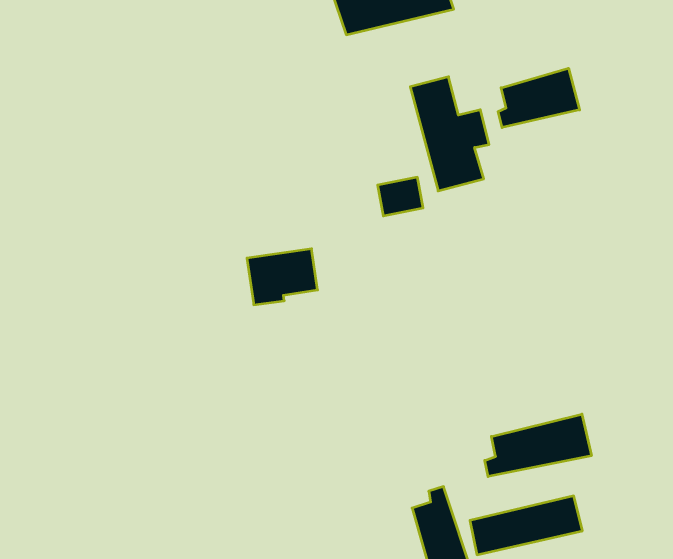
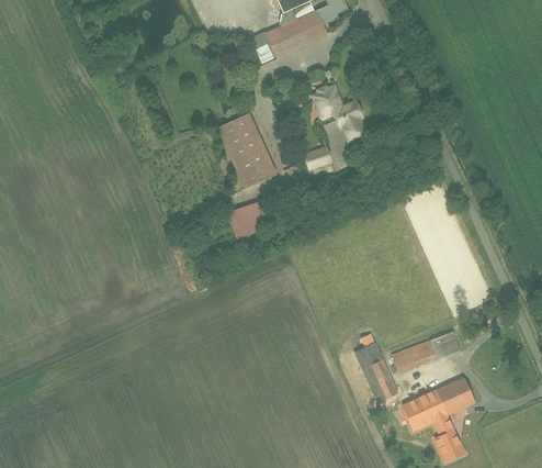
building: [498,68,580,128] -> none
building: none -> [219,112,278,187]
building: [485,414,591,477] -> none

